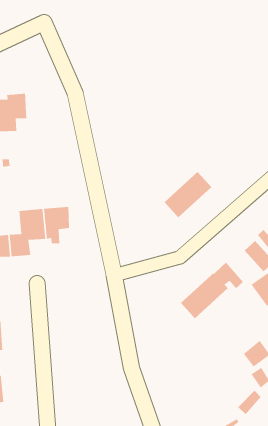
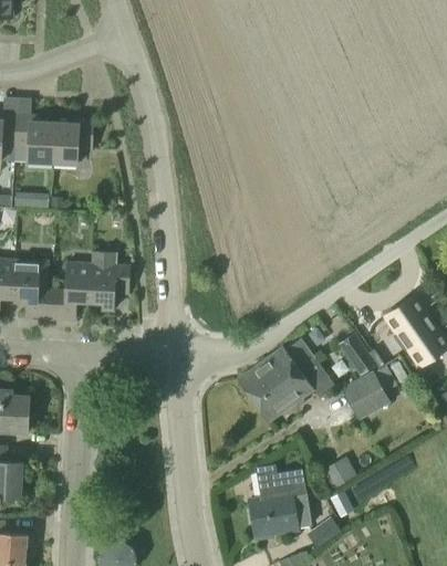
building: [164,171,212,218] -> [237,345,299,400]
building: none -> [248,464,309,538]

